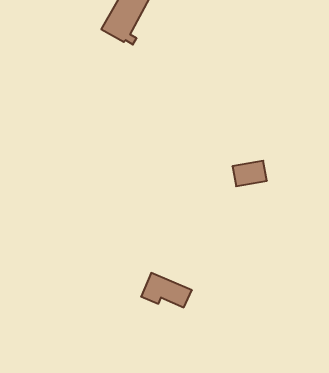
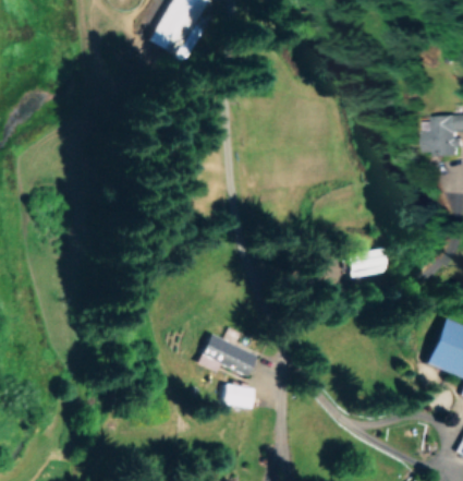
building: [232,161,267,186] -> [348,248,389,278]
building: none -> [221,383,254,408]

